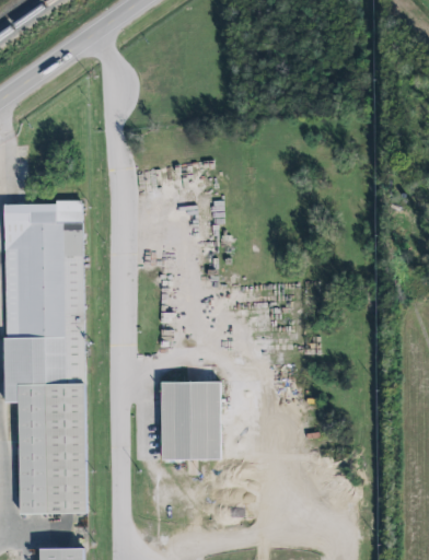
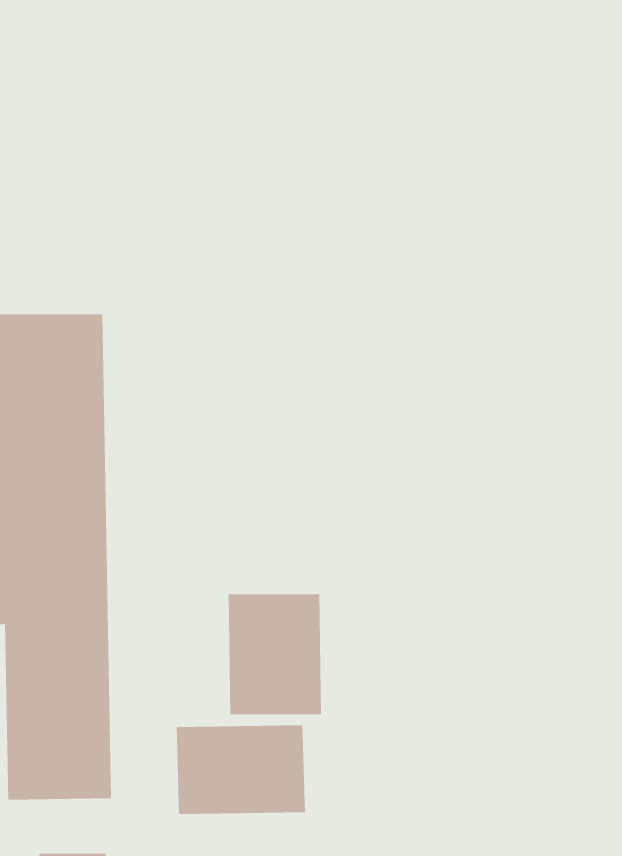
building: none -> [176,725,305,815]

